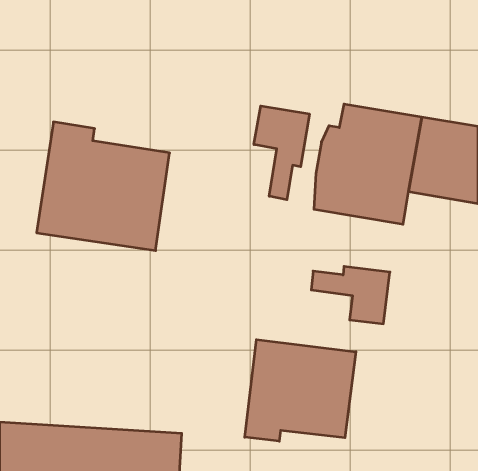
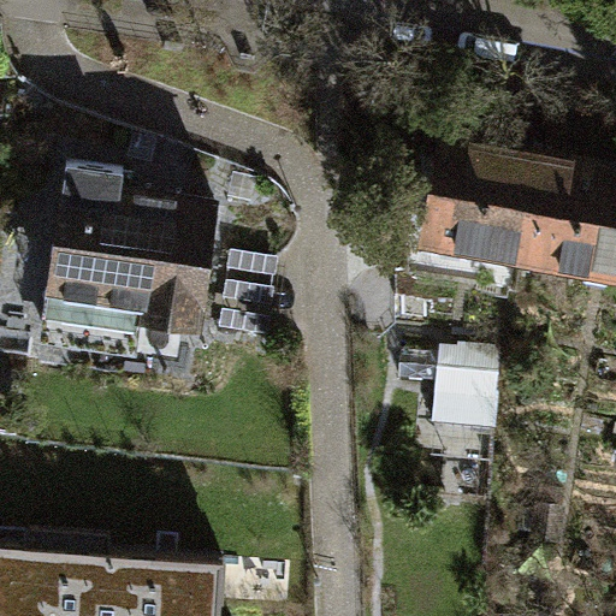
building: [254,106,309,200] -> none
building: [245,340,356,441] -> none

